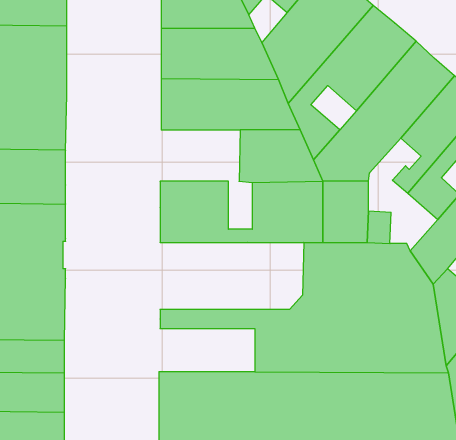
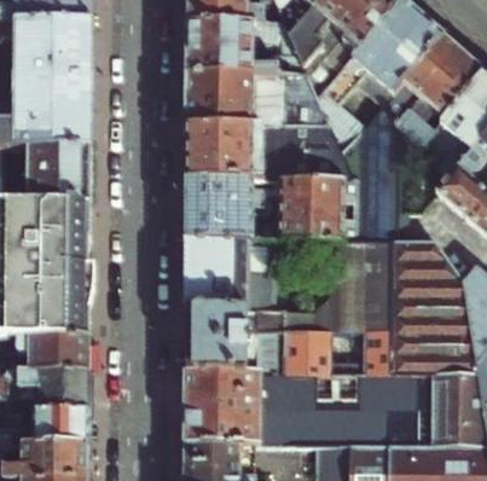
building: none -> [185,133,266,185]
building: none -> [185,247,273,314]
building: none -> [184,334,280,377]

